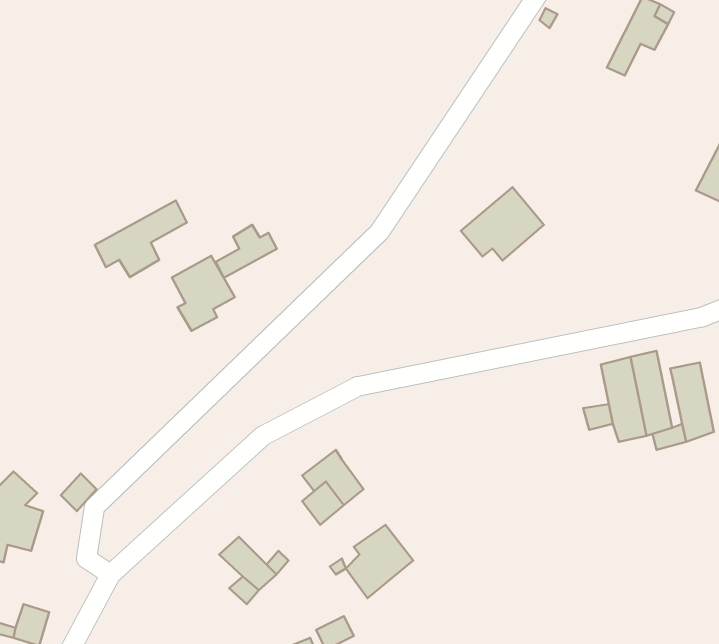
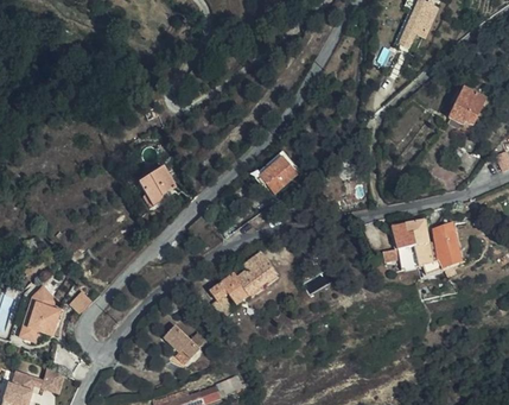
building: [461,187,544,260] -> [249,148,299,192]
building: [95,200,187,277] -> none
building: [216,225,277,278] -> none
building: [346,525,413,598] -> [237,254,278,298]

